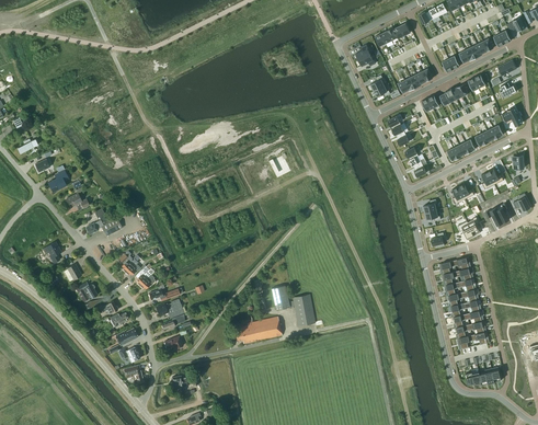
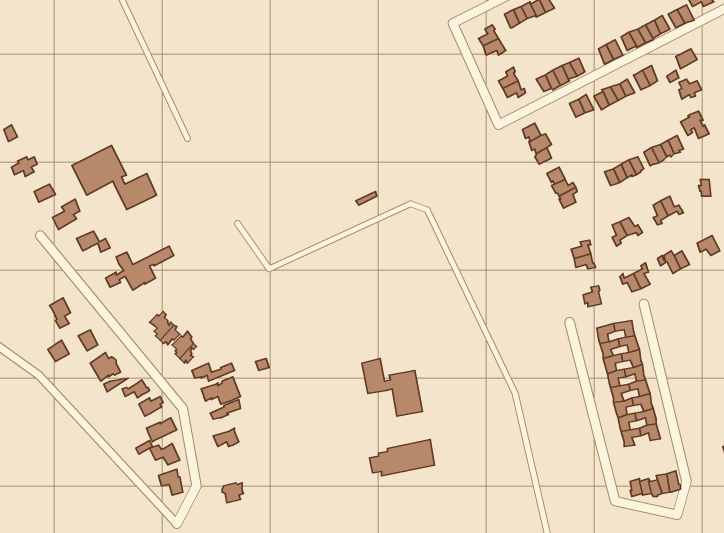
building: none -> [72,146,156,209]
building: [233,317,281,343] -> [369,439,435,476]

